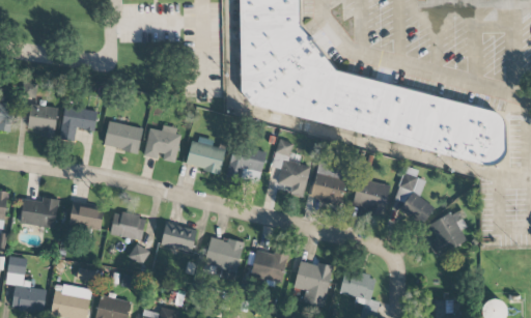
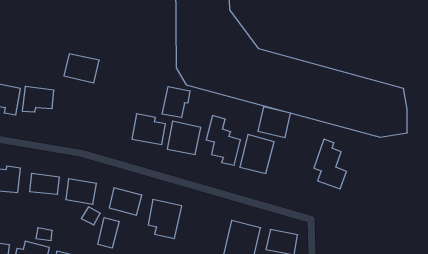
building: none -> [162,87,190,118]
building: [104,120,144,153] -> [64,54,99,83]
building: [143,125,183,162] -> none
building: [353,178,390,213] -> [258,107,291,138]
building: [427,208,470,257] -> none
building: [251,249,288,283] -> none
building: none -> [98,218,119,248]

